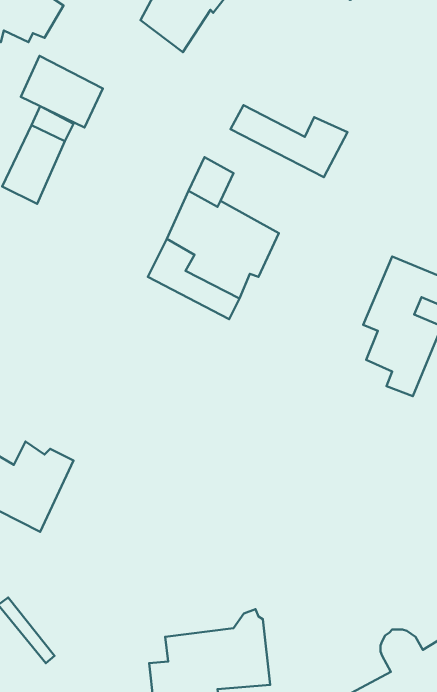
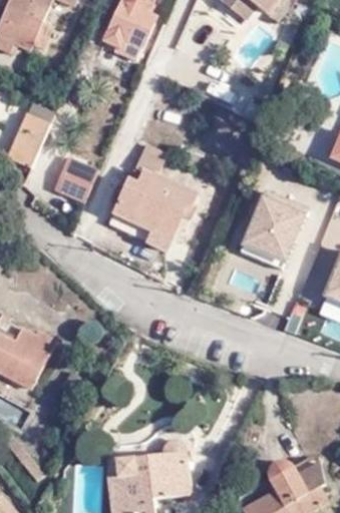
building: [21,56,103,127] -> none
building: [231,105,348,177] -> none
building: none -> [56,155,100,200]

